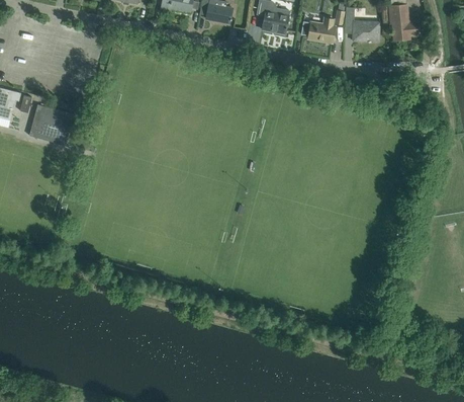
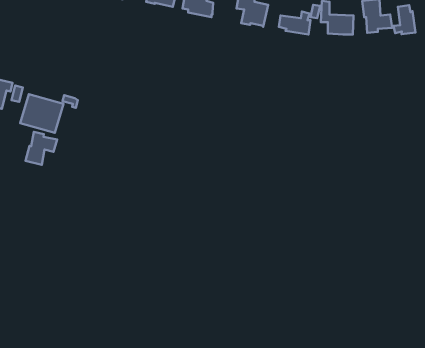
building: none -> [394,5,416,34]
building: none -> [26,132,57,165]

